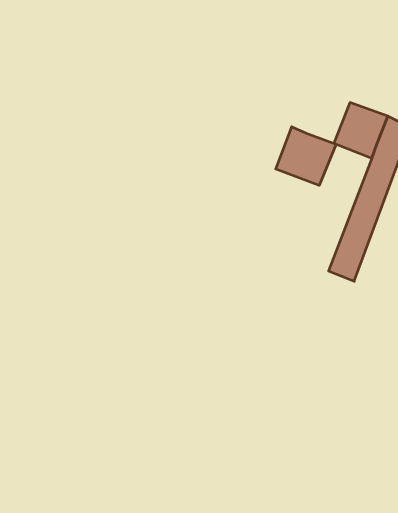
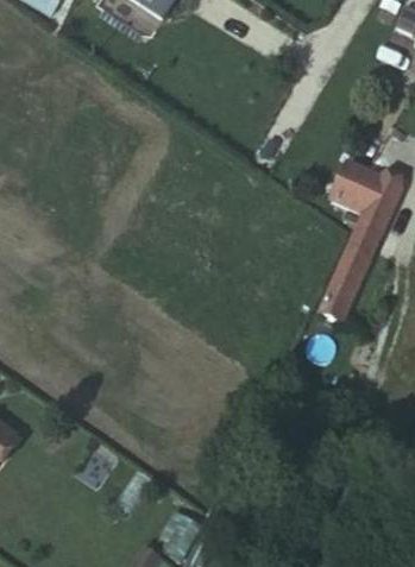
building: [276,127,336,185] -> none

